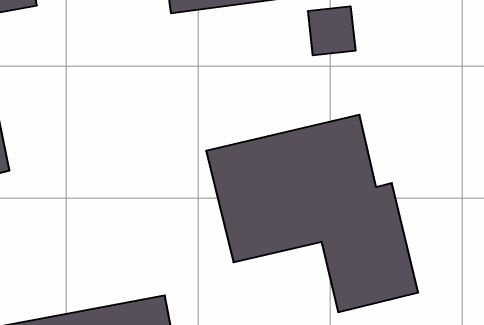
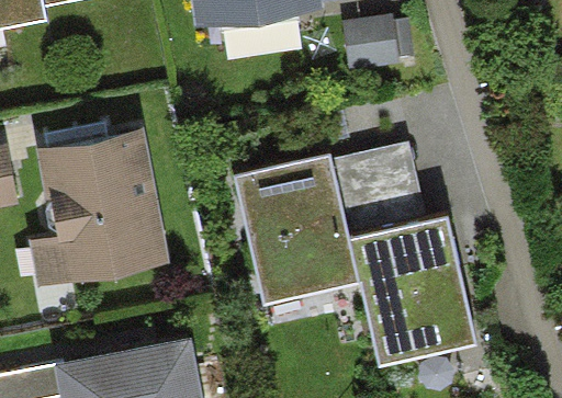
building: none -> [24,130,167,288]

